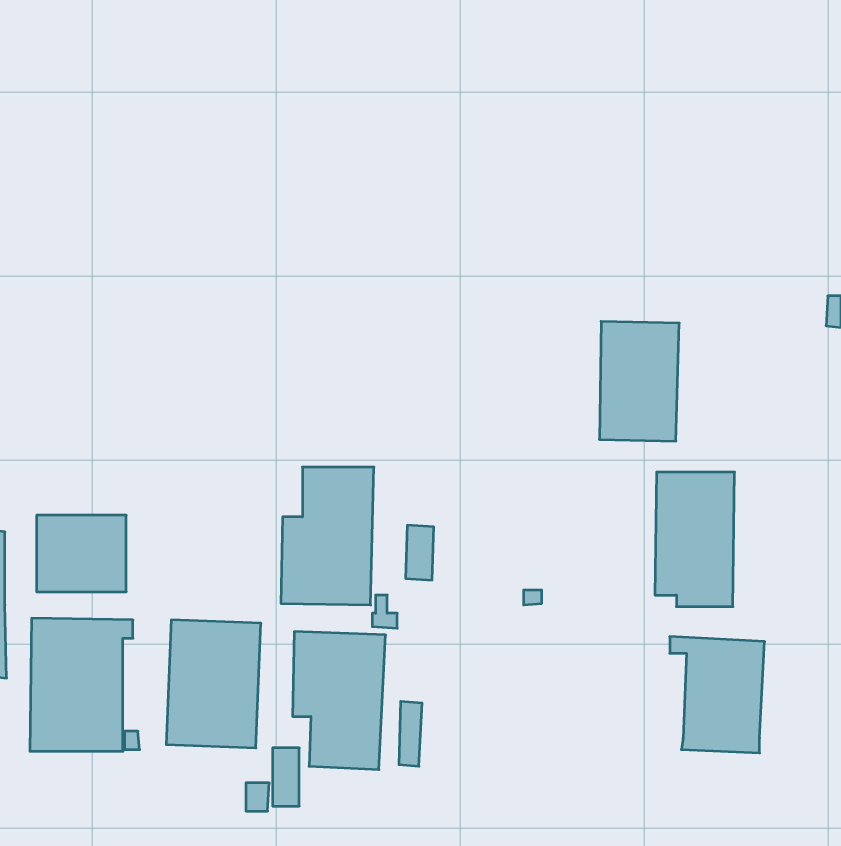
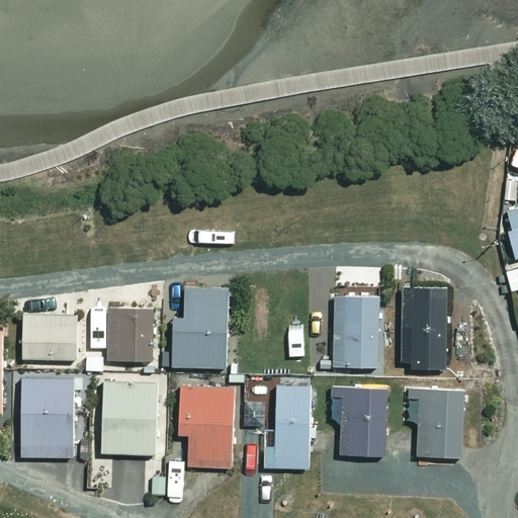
building: [599,321,679,441] -> [332,295,380,368]
building: none -> [106,308,153,361]
building: none -> [263,384,312,469]
building: none -> [330,386,387,456]

